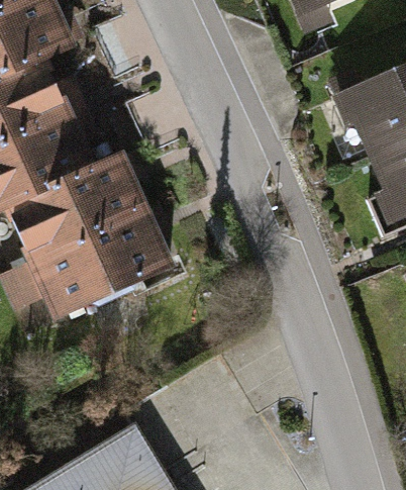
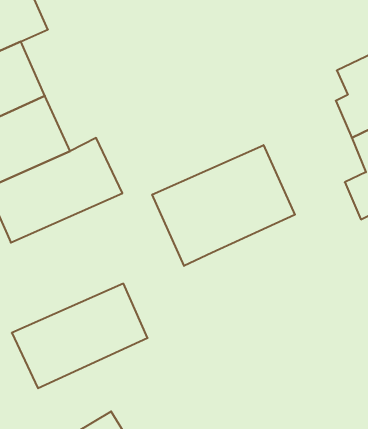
building: none -> [152,145,295,266]
building: [32,211,169,316] -> [12,284,148,388]

